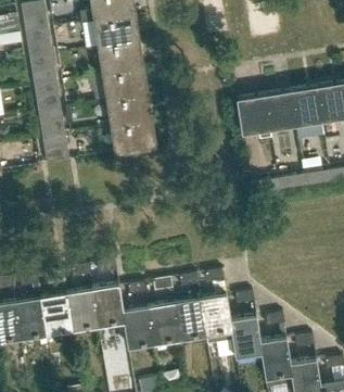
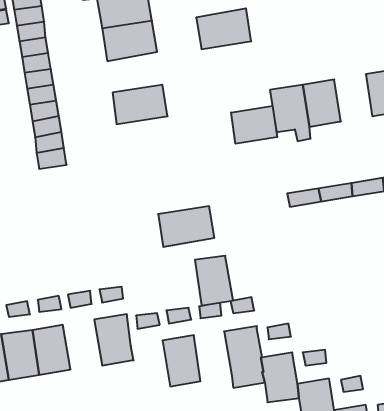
building: [103,68,149,102] -> [196,8,251,49]
building: [291,87,322,126] -> none
building: none -> [231,106,277,144]
building: [111,122,157,155] -> [158,206,214,247]
building: [66,290,99,331] -> none
building: [175,300,206,341] -> [195,256,233,306]
building: [123,307,155,350] -> none

